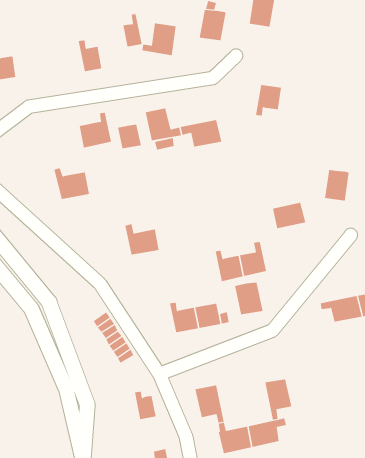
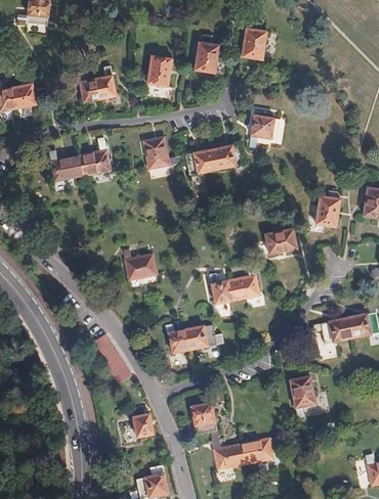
building: [122,13,143,47] -> [96,66,116,99]
building: none -> [14,75,36,107]
building: none -> [211,143,244,170]
building: [117,124,141,149] -> none
building: [54,168,90,199] -> [47,150,82,181]
building: [235,282,263,315] -> none
building: [265,379,292,420] -> [289,377,315,417]

